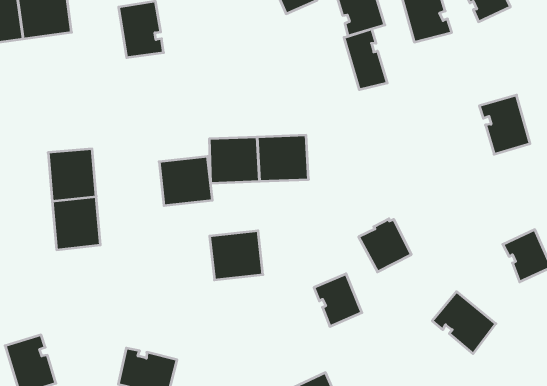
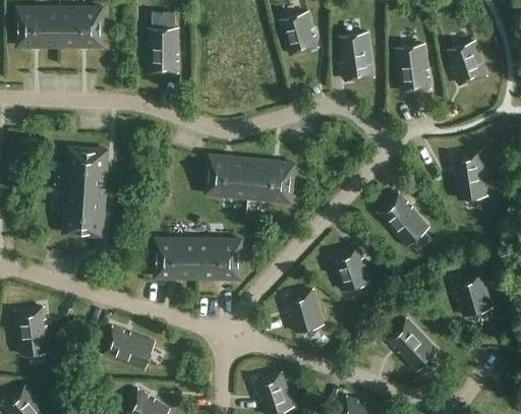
building: [344,29,387,90] -> none
building: none -> [378,193,431,249]
building: [159,156,212,206] -> [156,237,199,277]

